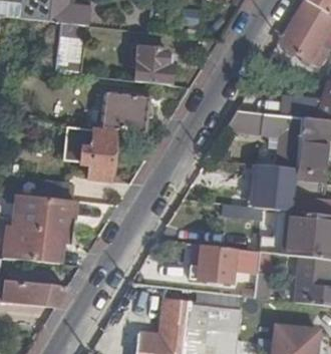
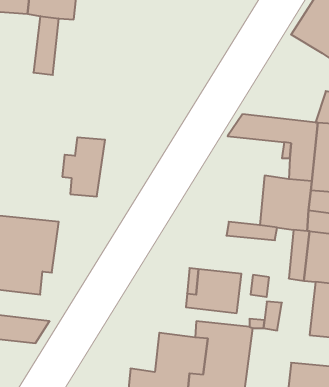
building: [133,47,174,86] -> none
building: [101,91,148,130] -> none

